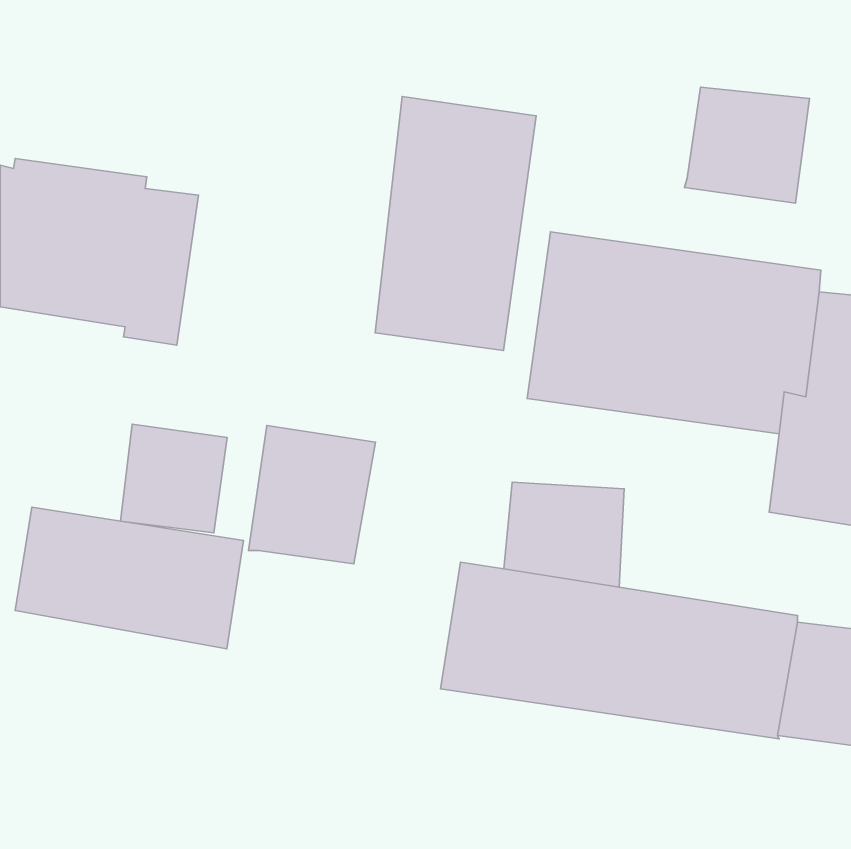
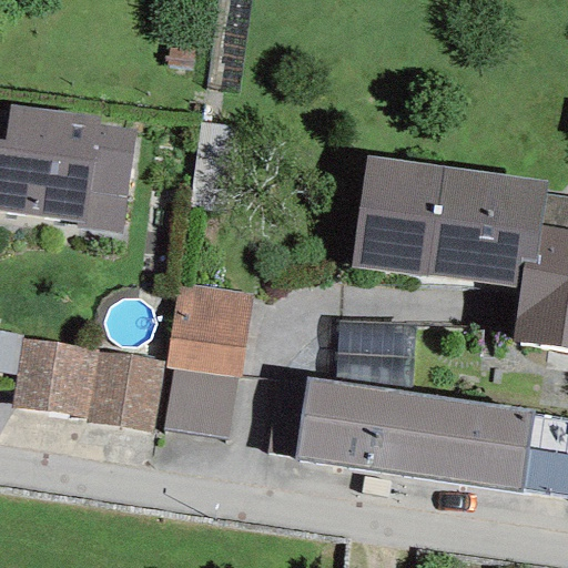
building: [685,87,809,203] -> none
building: [375,97,536,350] -> none
building: [121,424,227,533] -> [165,366,236,438]

